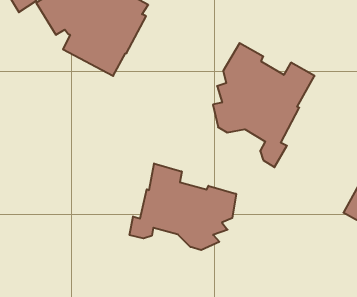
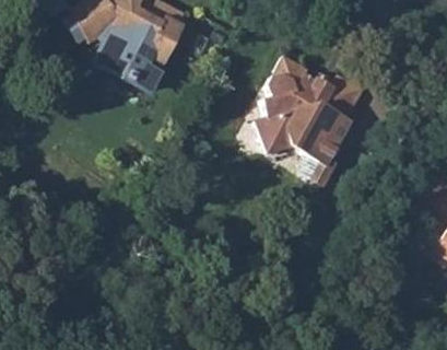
building: [130,163,236,250] -> none

